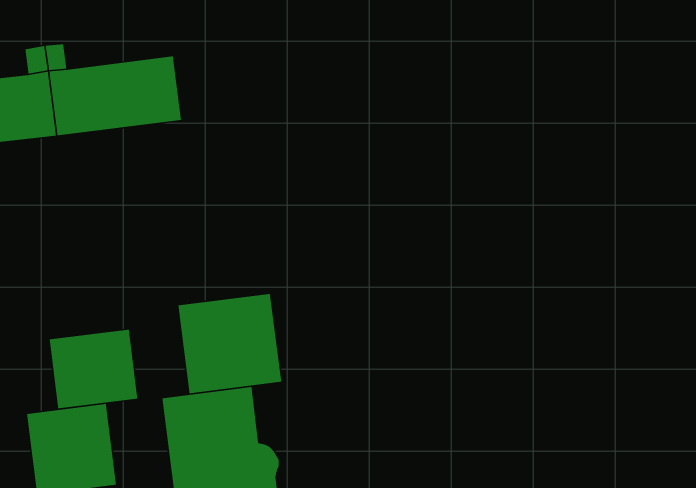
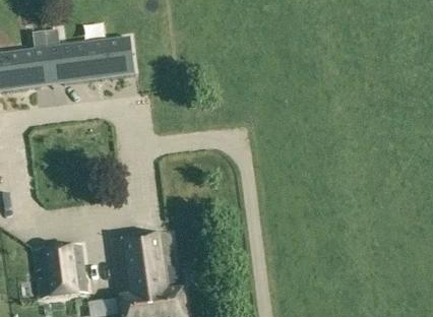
building: [177,293,282,394] -> none
building: [49,329,138,409] -> none

